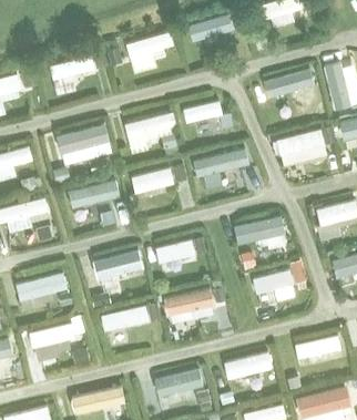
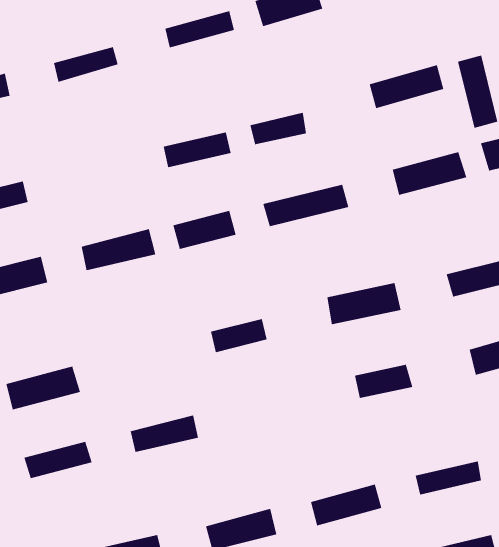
building: [55,124,108,155] -> none
building: [92,250,142,281] -> none
building: [162,289,213,316] -> none

